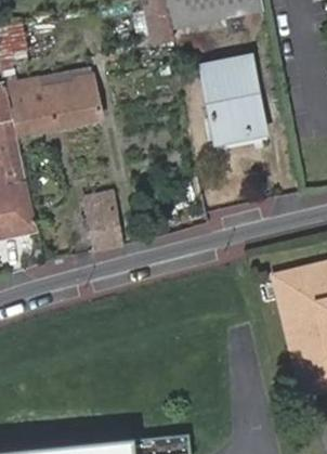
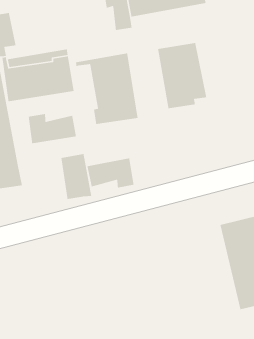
building: none -> [75,53,138,125]
building: none -> [28,113,77,144]
building: none -> [87,158,135,189]

